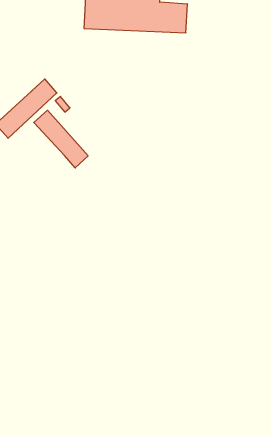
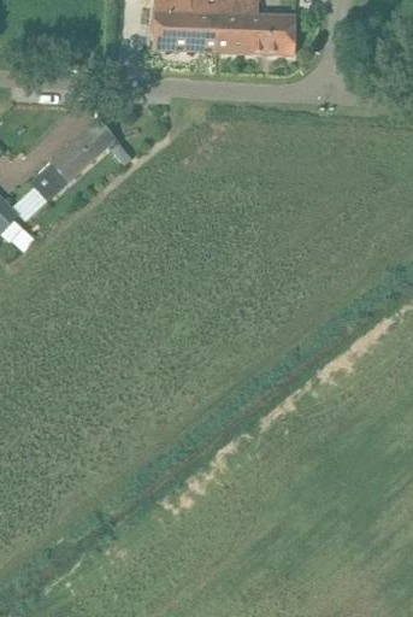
building: [34,110,88,168] -> none

